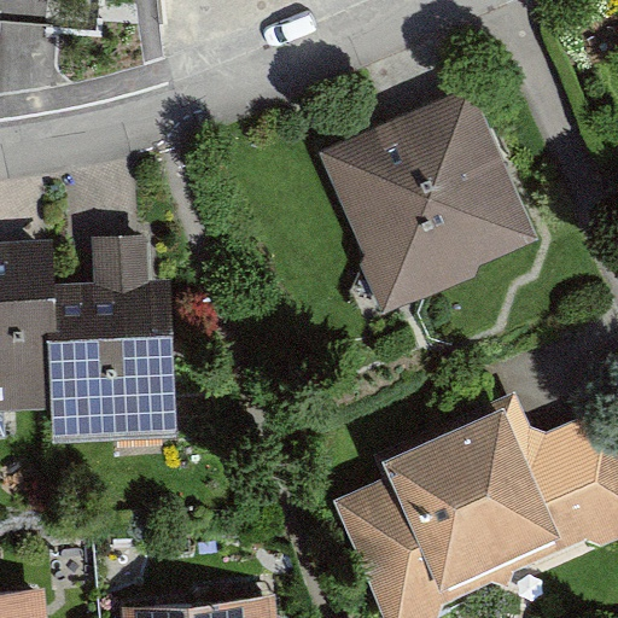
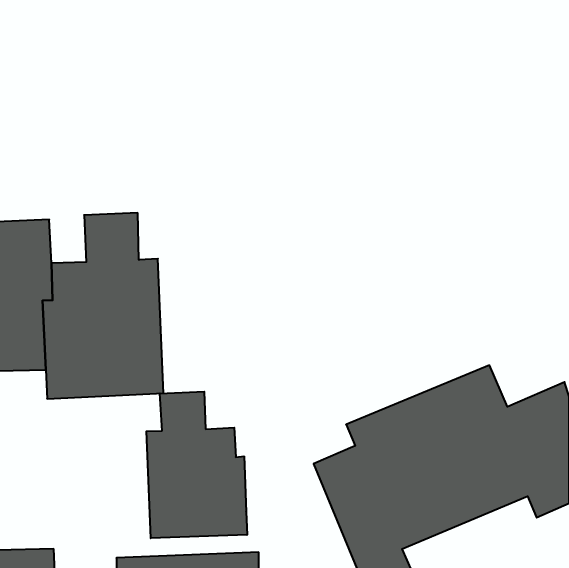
building: [321,94,529,307] -> none
building: none -> [146,392,247,538]

